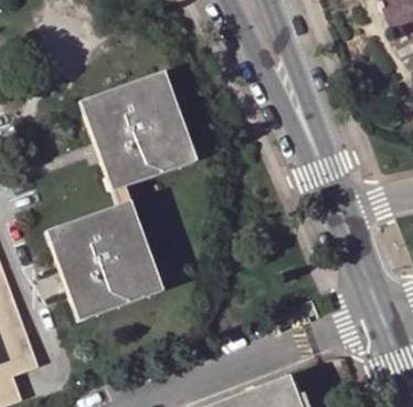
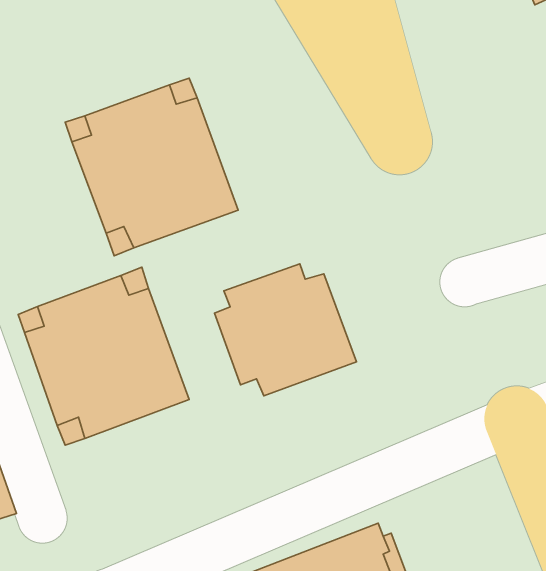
building: none -> [215,264,356,396]

